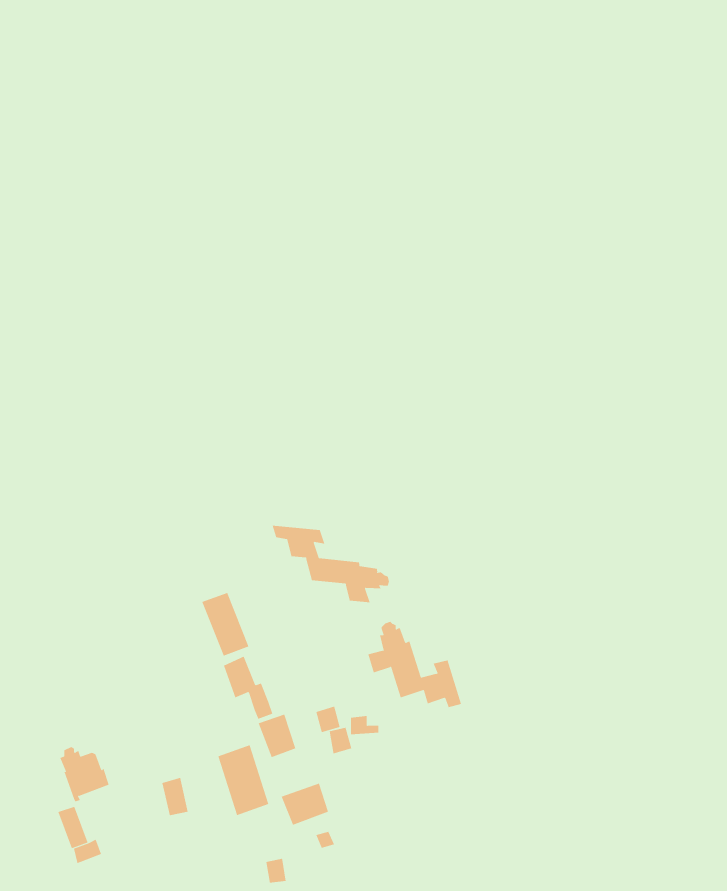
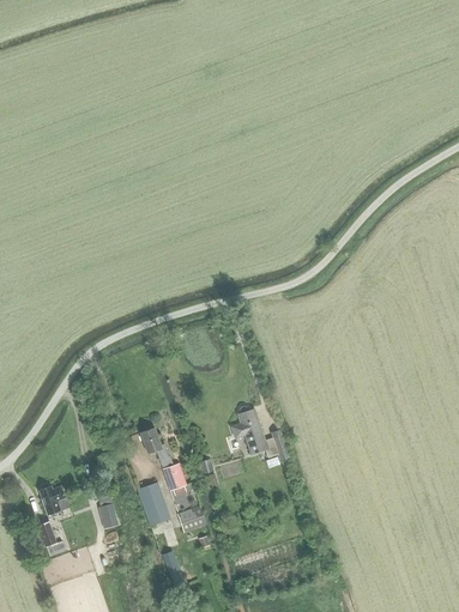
building: [272,525,389,603] -> none
building: [201,592,249,656] -> none

